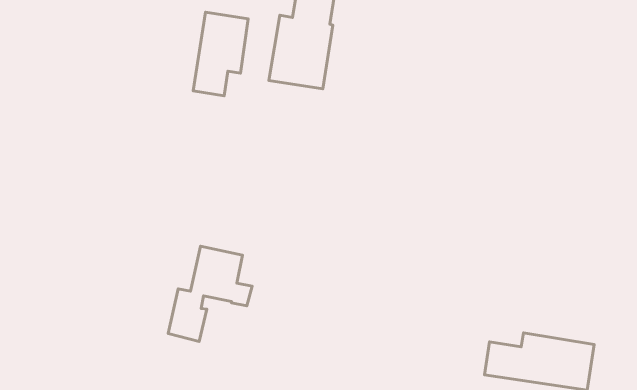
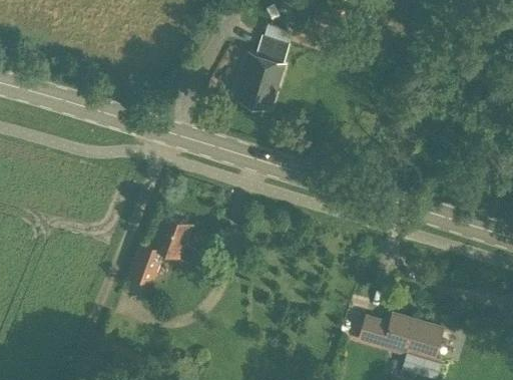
building: [193,12,248,96] -> none

